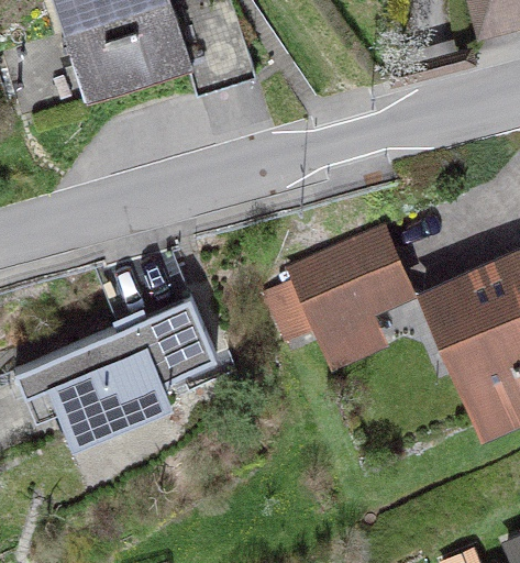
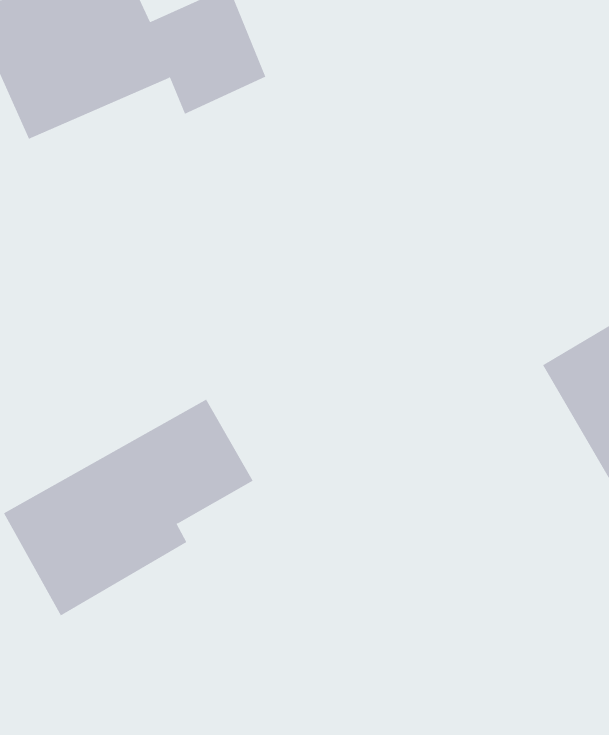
building: [264,230,409,341] -> none

